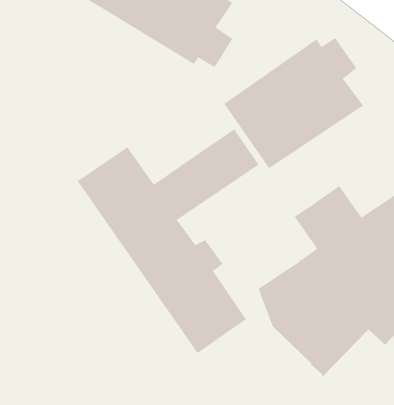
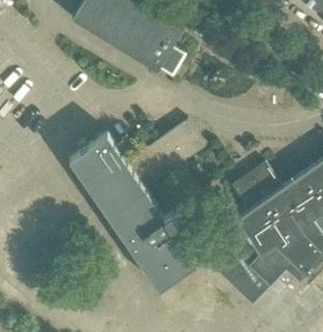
building: [223,37,364,169] -> none

